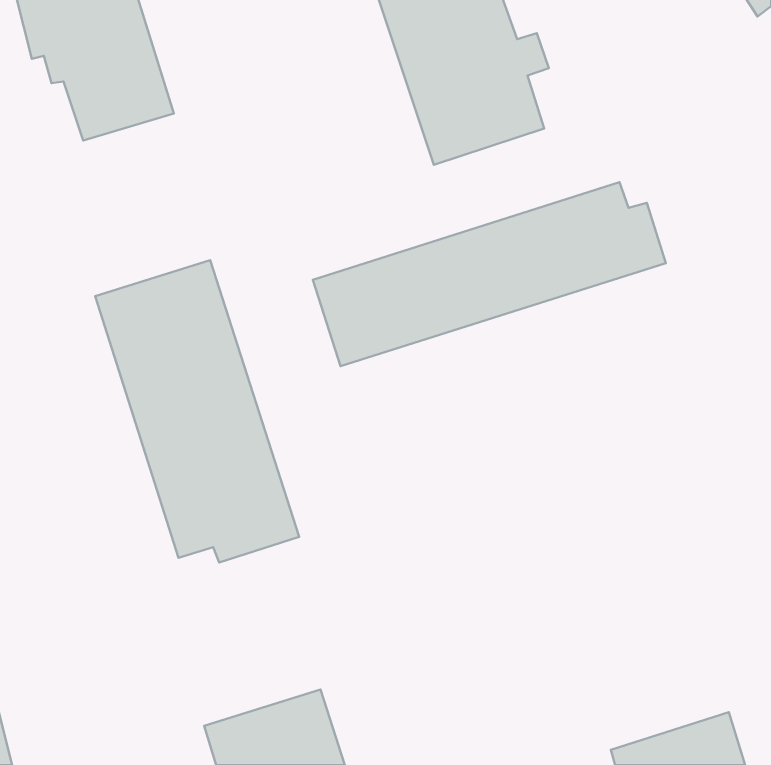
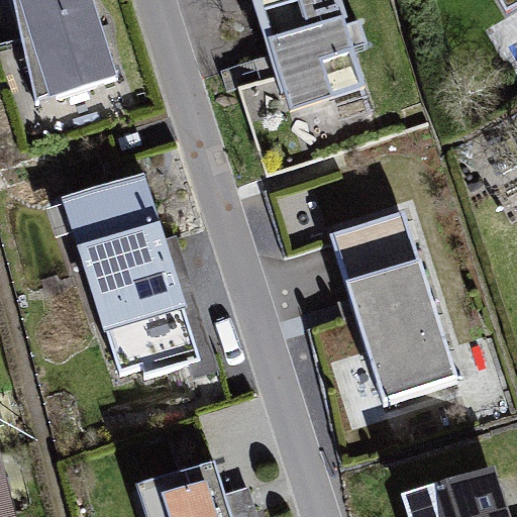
building: [313,182,666,366] -> none
building: none -> [329,211,457,403]

